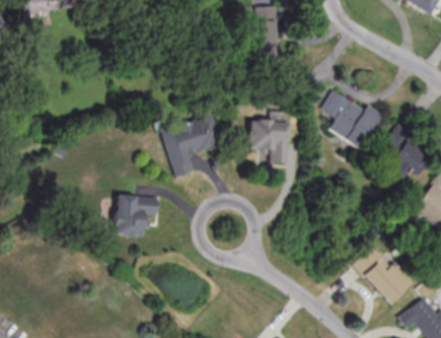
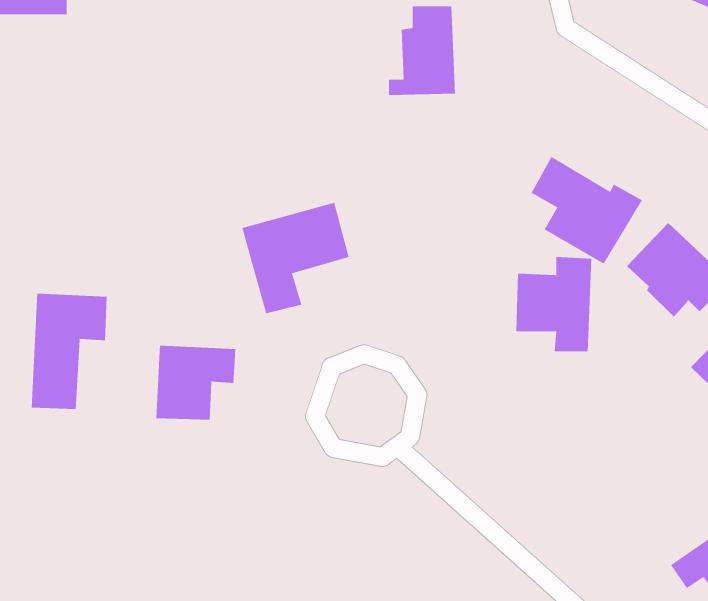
building: [247,110,290,162] -> [515,257,592,352]
building: none -> [31,293,107,410]
building: [352,246,410,303] -> none

